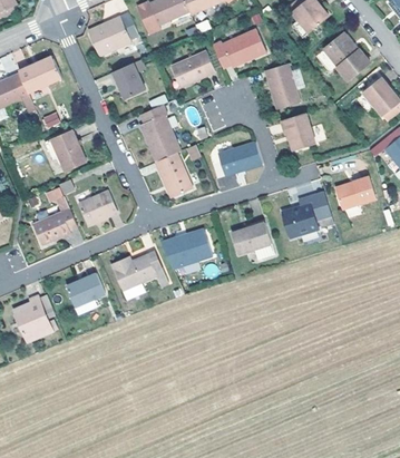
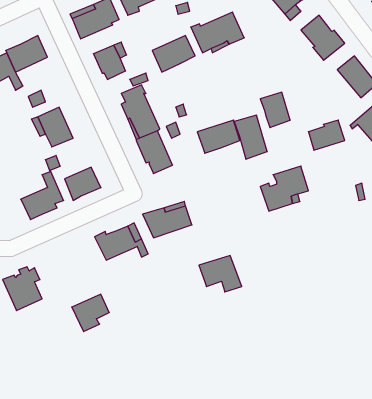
building: [263,65,297,110] -> [234,115,267,159]
building: [334,179,372,211] -> [308,120,345,150]
building: [231,222,275,260] -> [199,256,242,292]
building: [67,273,106,312] -> [72,294,109,332]

